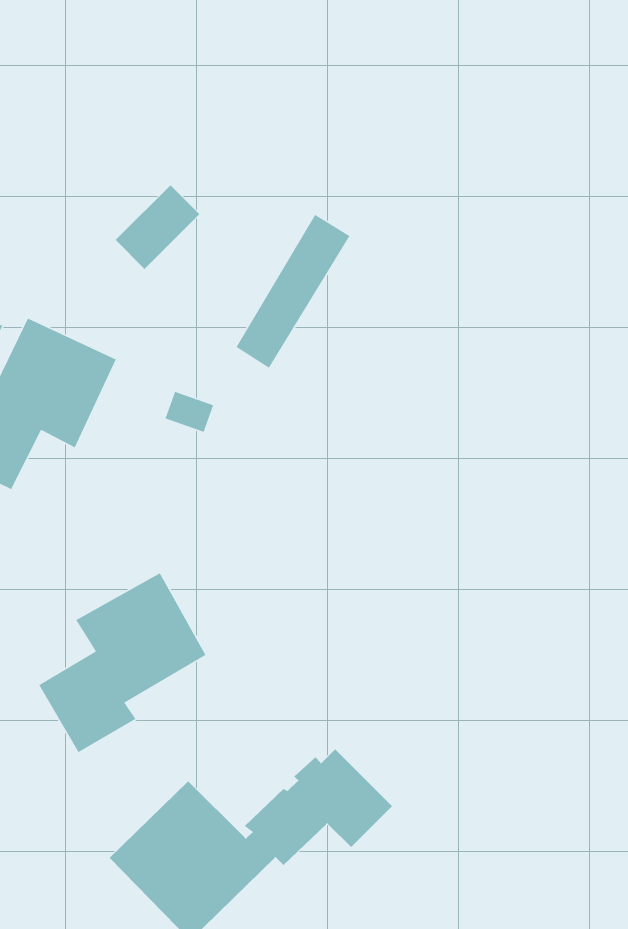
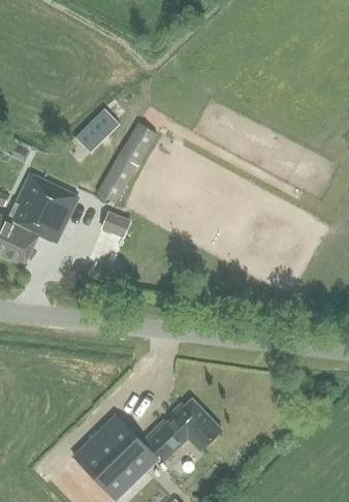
building: [235,214,351,369] -> [97,123,157,203]
building: [38,572,207,753] -> none

